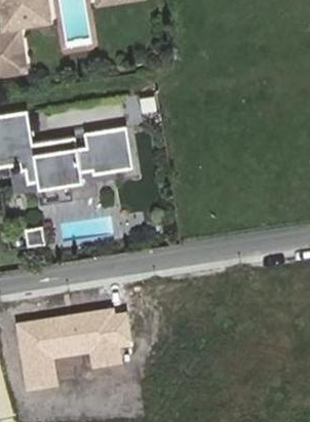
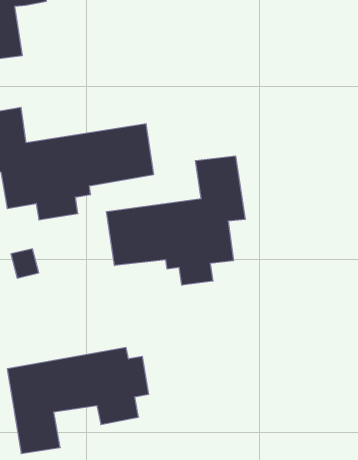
building: none -> [106,156,245,285]

